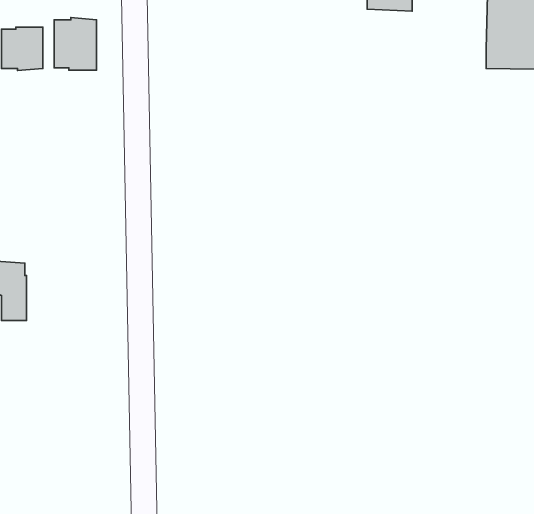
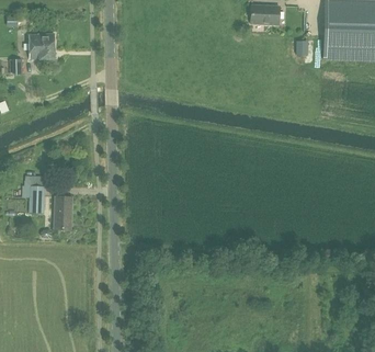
building: [54,18,97,70] -> none
building: none -> [55,196,72,228]

